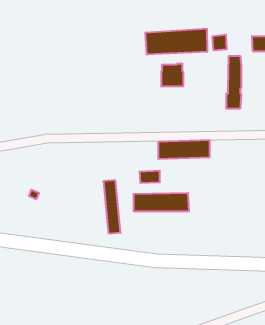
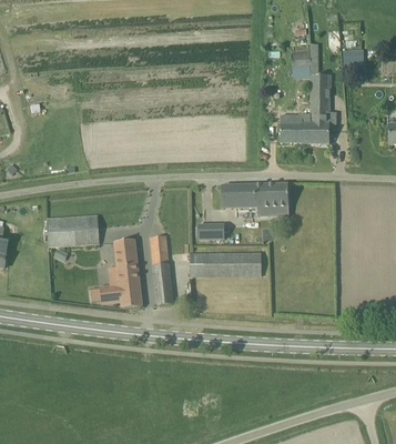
building: [146,29,207,55] -> none
building: [161,64,183,86] -> [281,113,309,142]
building: none -> [47,215,99,245]
building: none -> [90,239,142,307]

